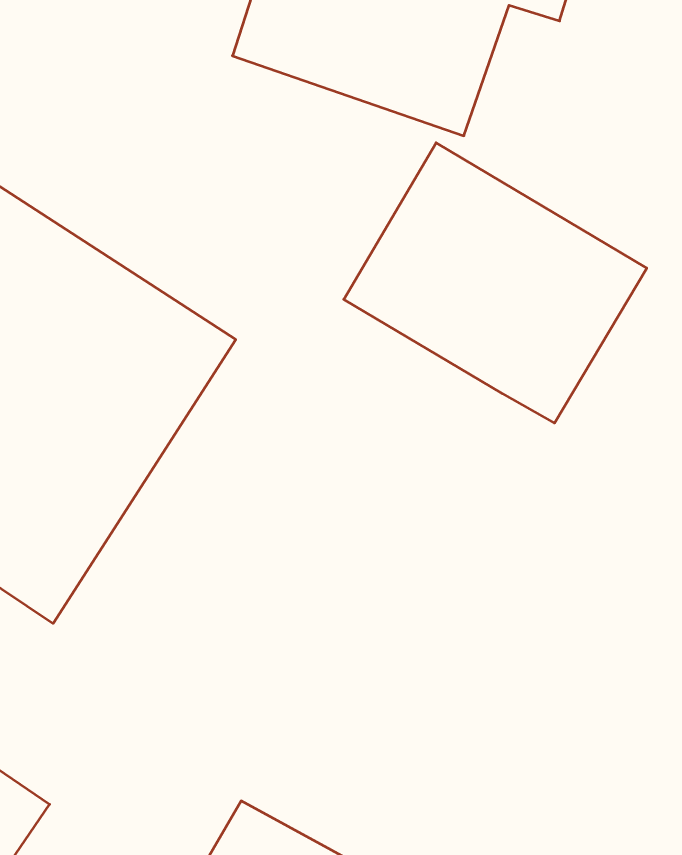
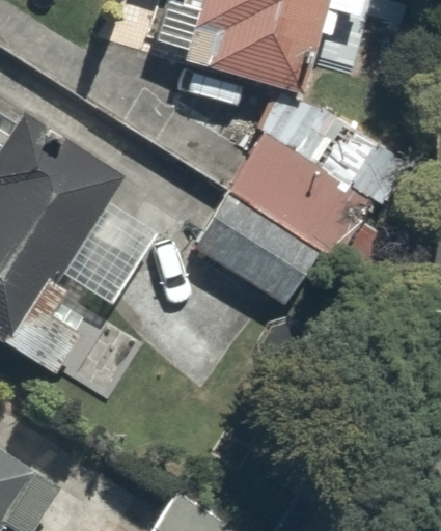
building: none -> [184,188,318,311]

